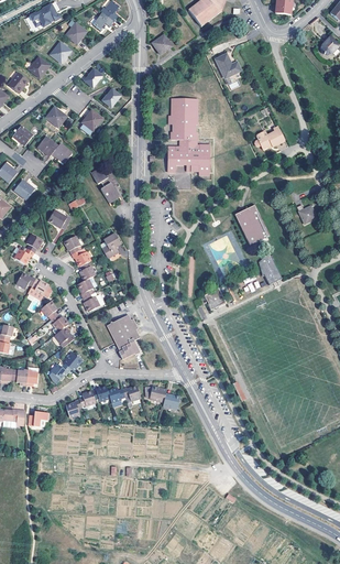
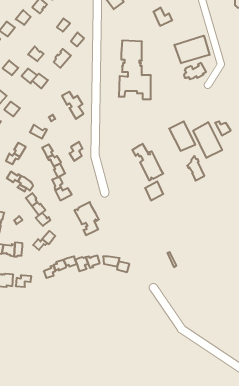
building: none -> [174,36,210,63]
building: none -> [193,122,222,158]
building: none -> [132,144,163,181]

